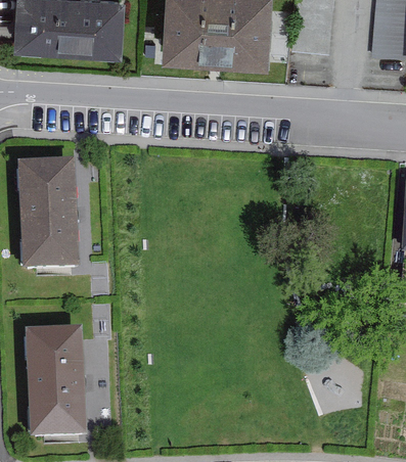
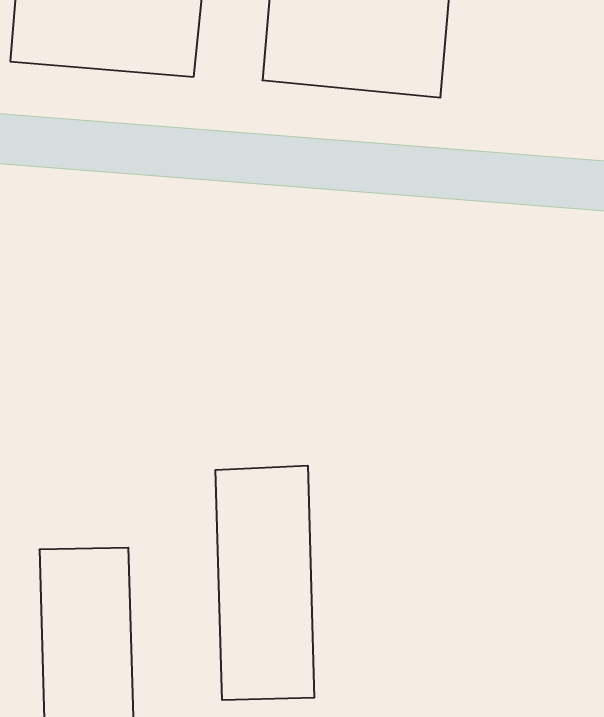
building: [18,167,80,276] -> none
building: none -> [215,466,314,700]

